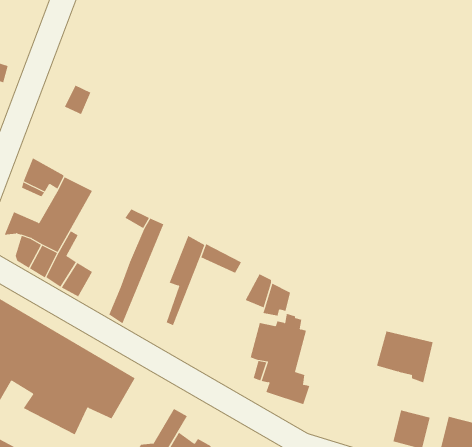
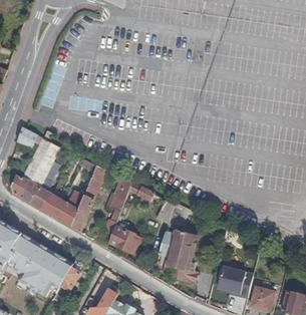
building: none -> [51,189,83,226]
building: none -> [108,225,136,250]
building: [376,331,433,383] -> [217,266,253,299]

